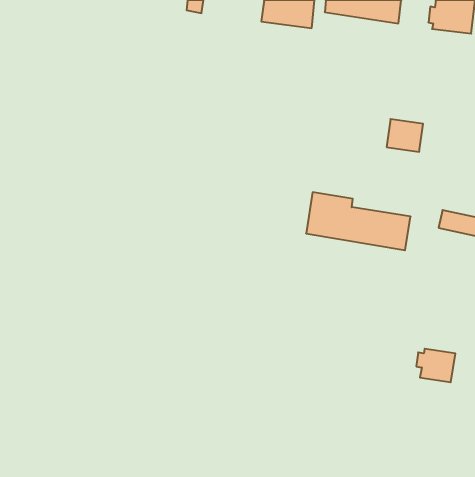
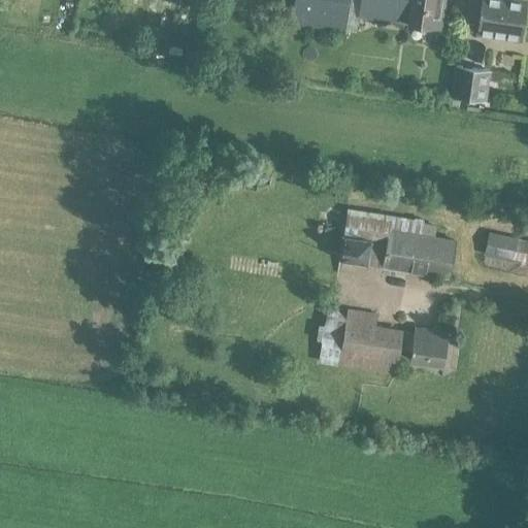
building: [387,119,423,152] -> [452,64,492,100]
building: none -> [320,304,403,371]
building: [416,349,455,382] -> [406,327,450,364]

